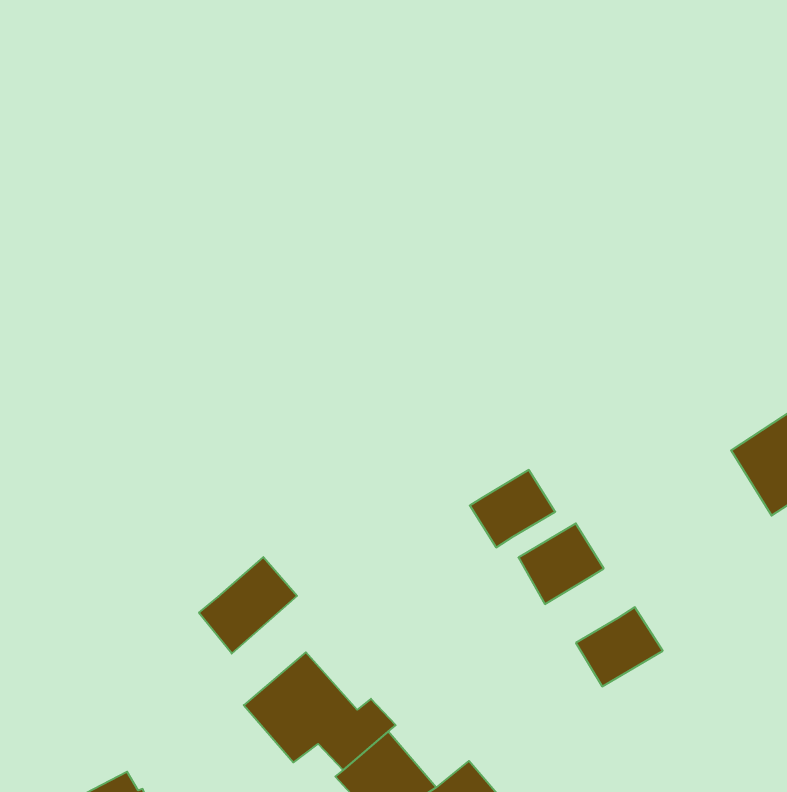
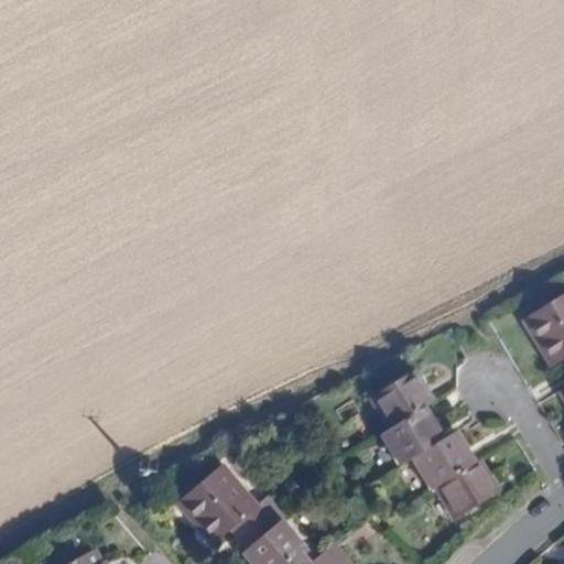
building: [470,470,555,547] -> [382,410,443,465]
building: [199,557,297,654] -> none
building: none -> [437,460,498,518]

